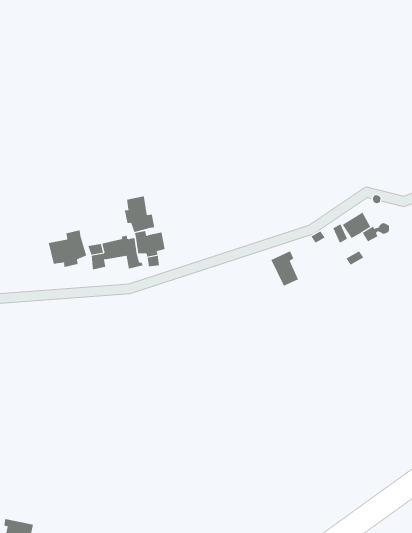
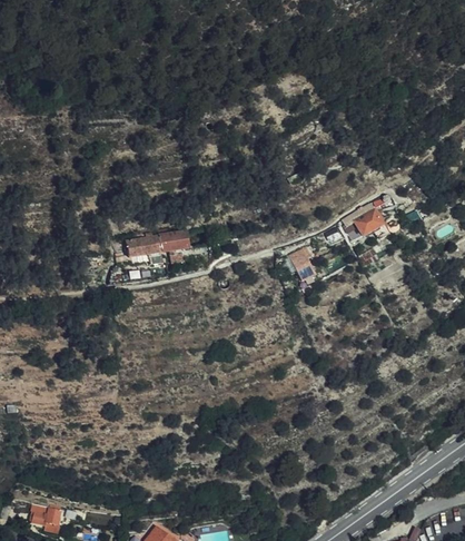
building: [124,196,155,233] -> none
building: [48,230,87,268] -> none

